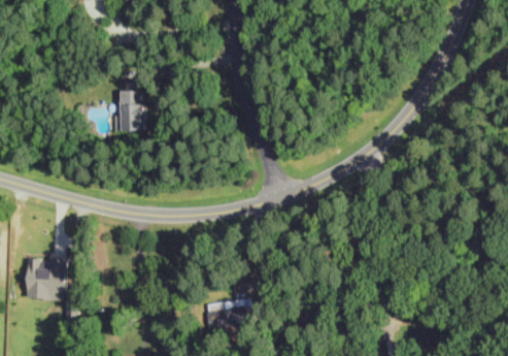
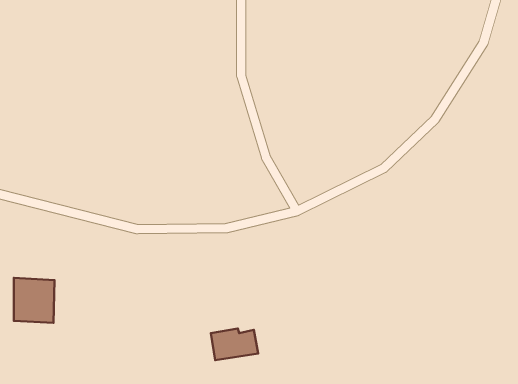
building: [117,91,143,131] -> none

